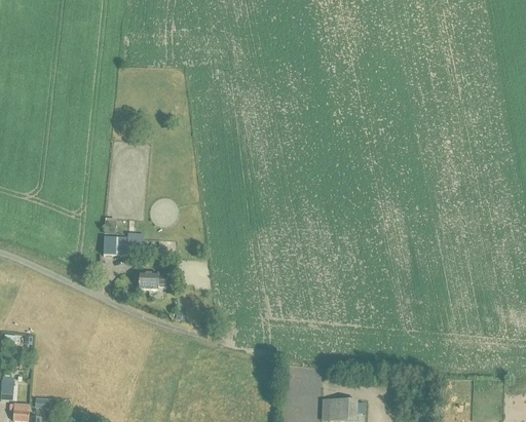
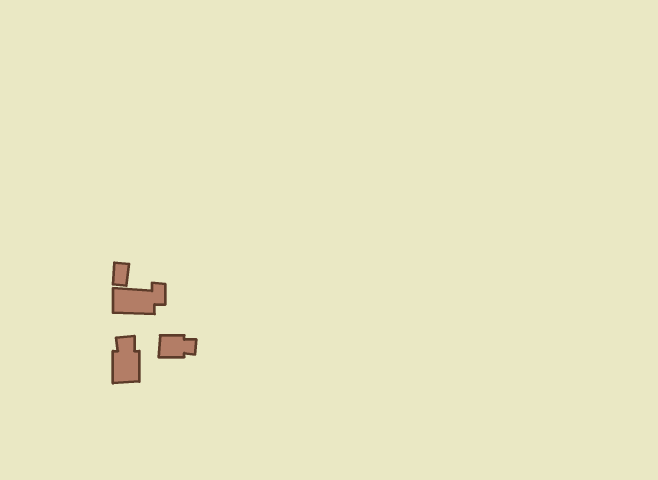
building: none -> [113,336,139,383]

